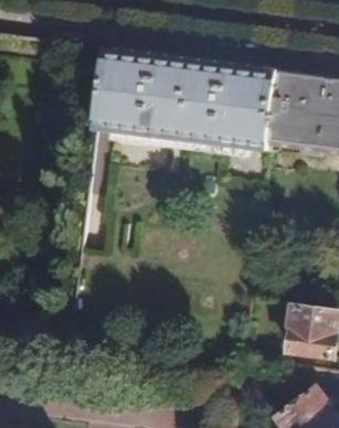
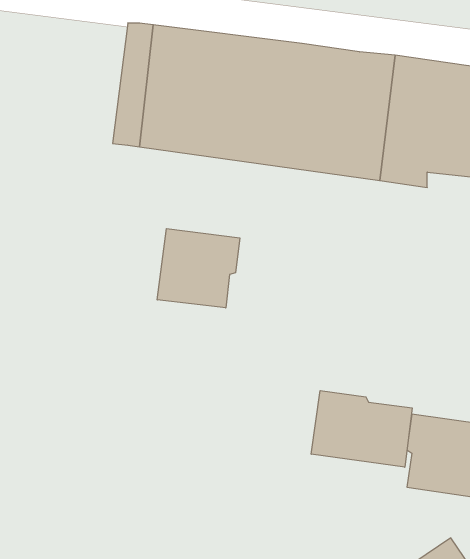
building: none -> [157,229,240,308]
building: none -> [311,391,412,467]

